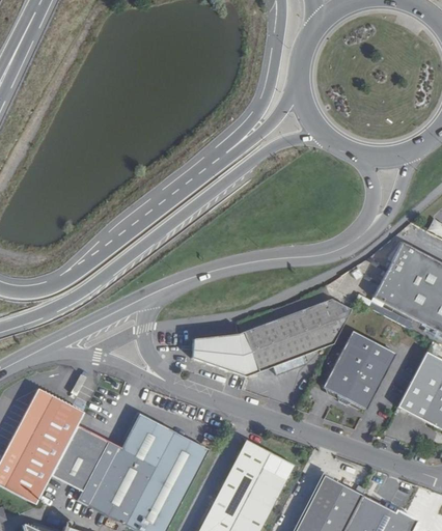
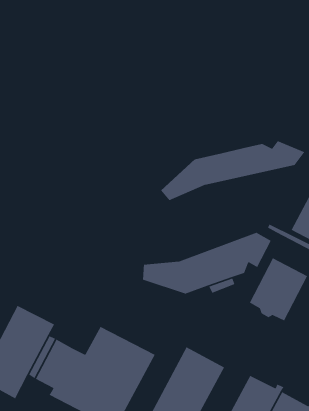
building: none -> [160,140,306,201]

